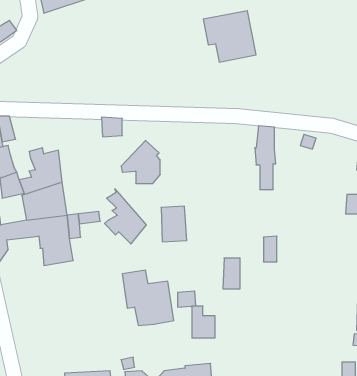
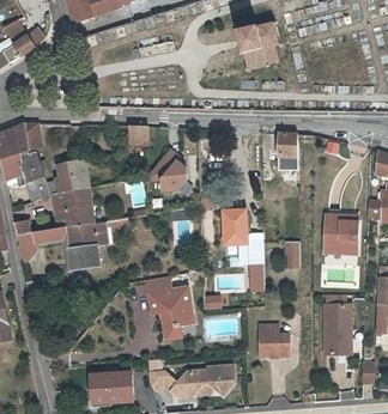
building: [105,189,146,244] -> none
building: [161,206,187,242] -> [223,208,248,243]
building: none -> [322,219,356,251]
building: none -> [323,306,350,355]
building: [192,306,215,338] -> [265,324,287,355]

